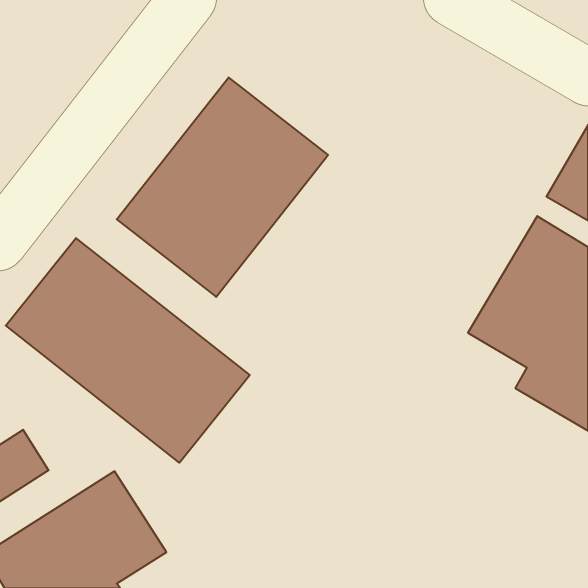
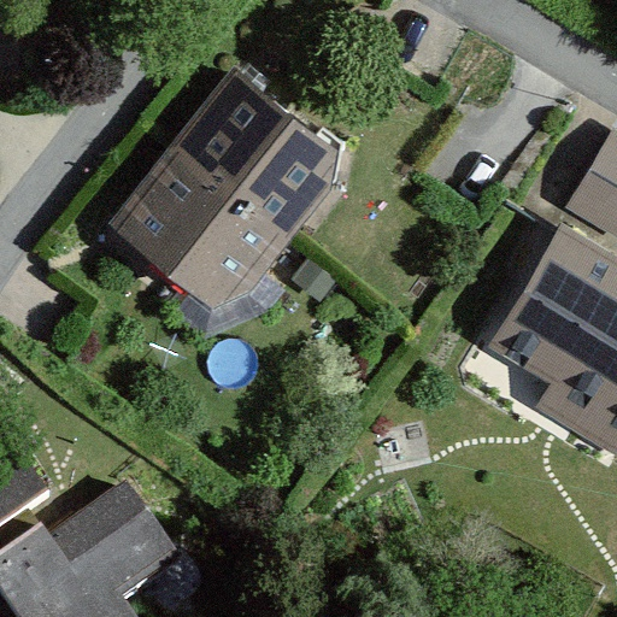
building: [6,238,250,463] -> none

